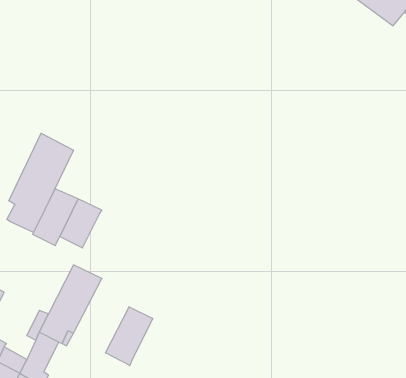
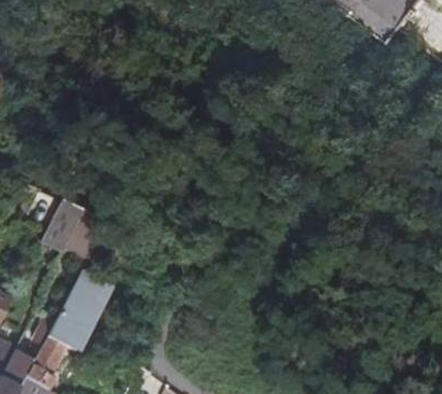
building: [7,133,74,232] -> none
building: [105,307,153,366] -> none

